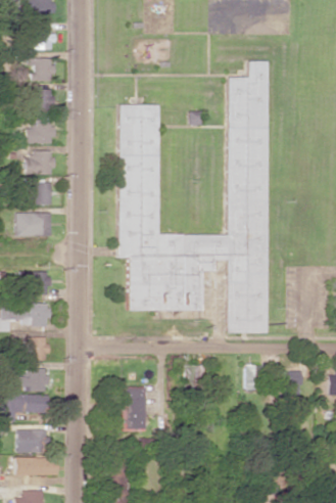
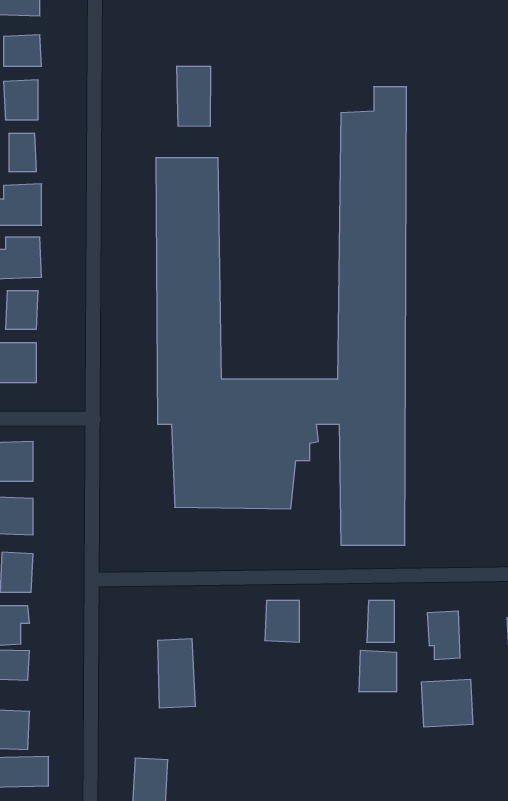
building: none -> [177,66,211,126]
building: none -> [359,650,396,692]
building: none -> [422,679,473,727]

